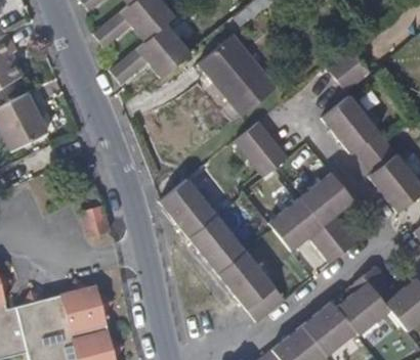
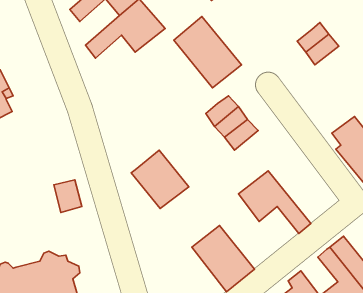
building: [322,95,388,161] -> none
building: [299,175,356,254] -> none
building: [187,216,249,278] -> none

